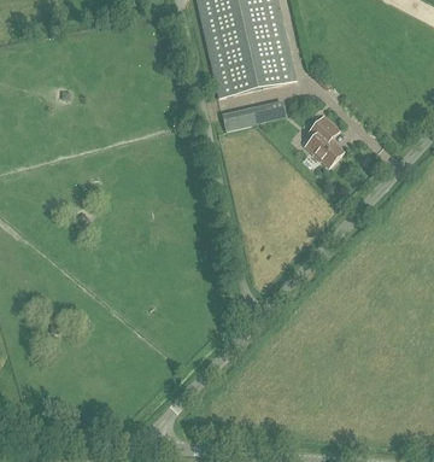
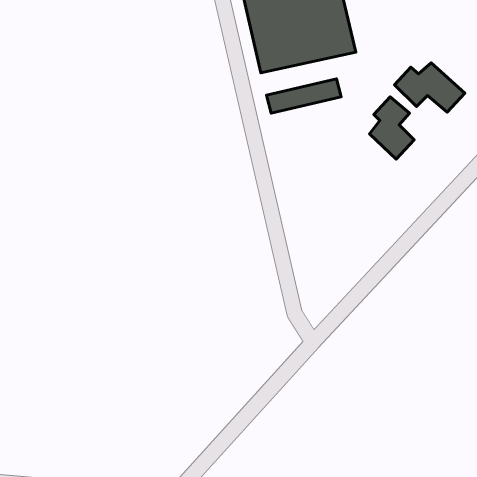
building: none -> [394,63,465,112]

